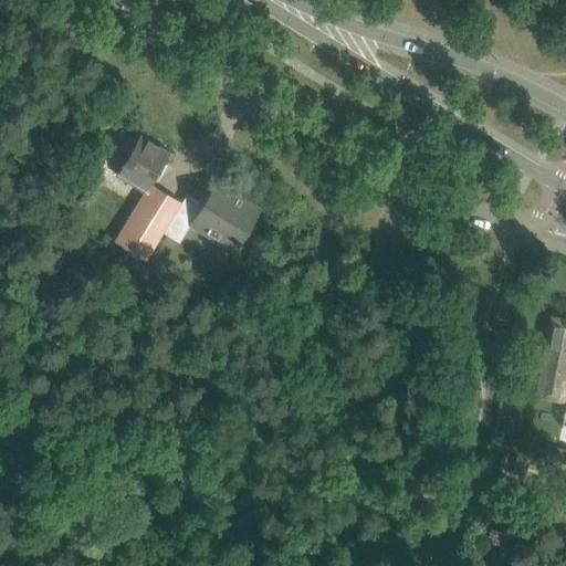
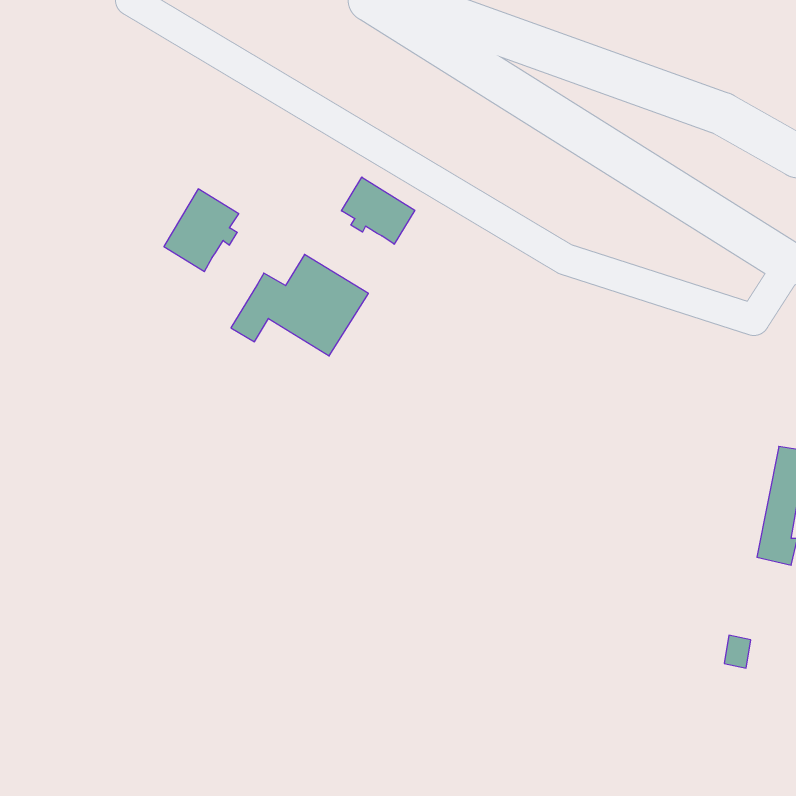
building: none -> [341,177,415,244]
building: [116,184,184,261] -> none

